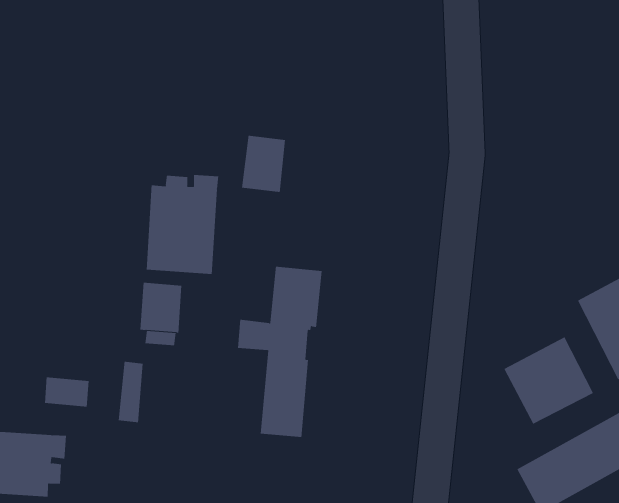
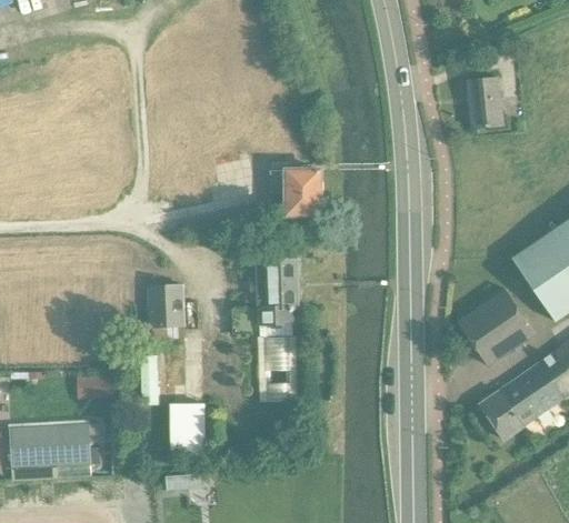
building: none -> [467,77,503,128]
building: [241,135,286,193] -> [287,170,320,214]
building: [146,174,219,275] -> none
building: none -> [174,403,204,457]

